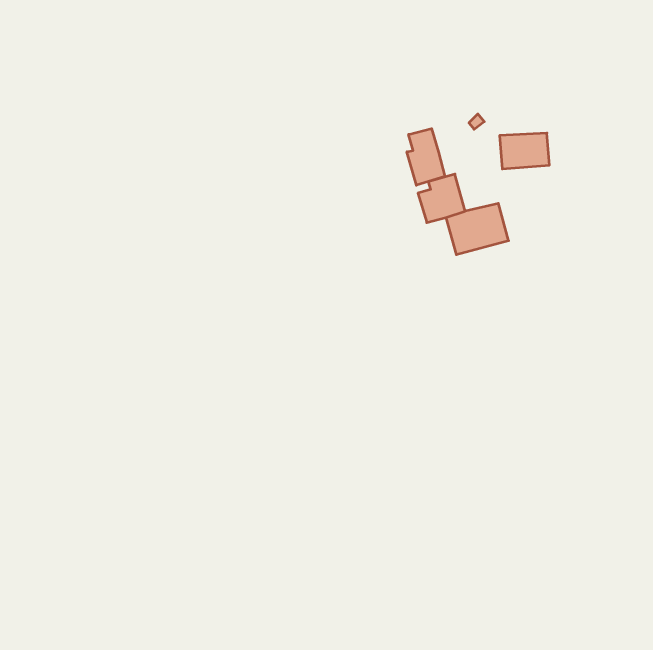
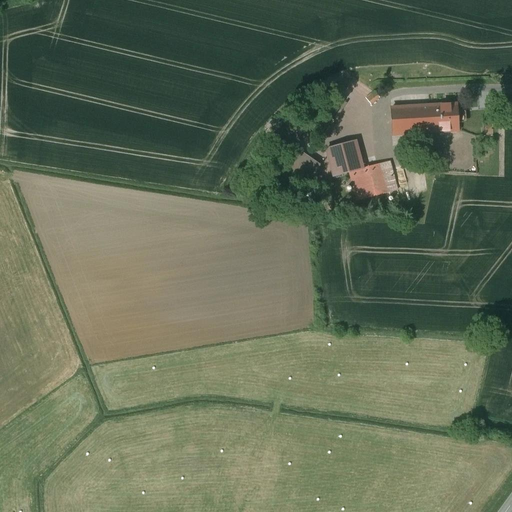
building: [407,129,445,185] -> none
building: none -> [428,102,458,129]

